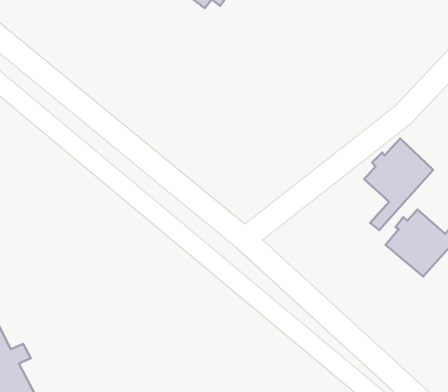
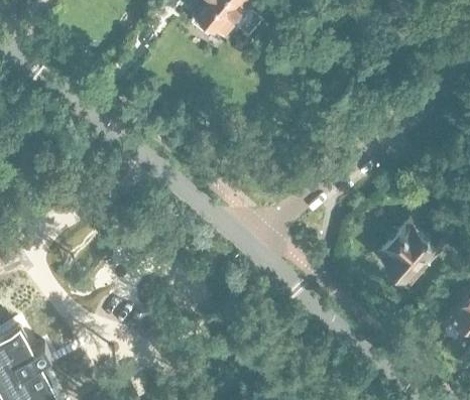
building: [364,139,433,230] -> none

